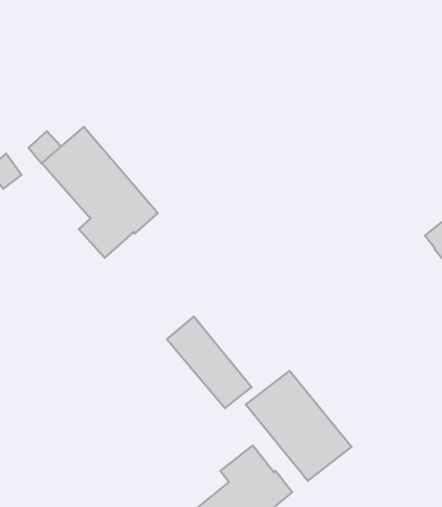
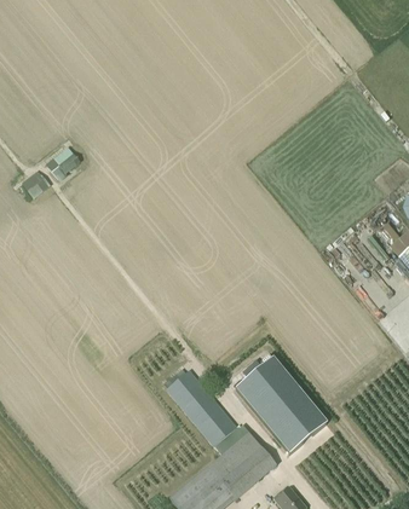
building: [42,127,158,258] -> none
building: [167,317,252,408] -> [165,365,237,444]

